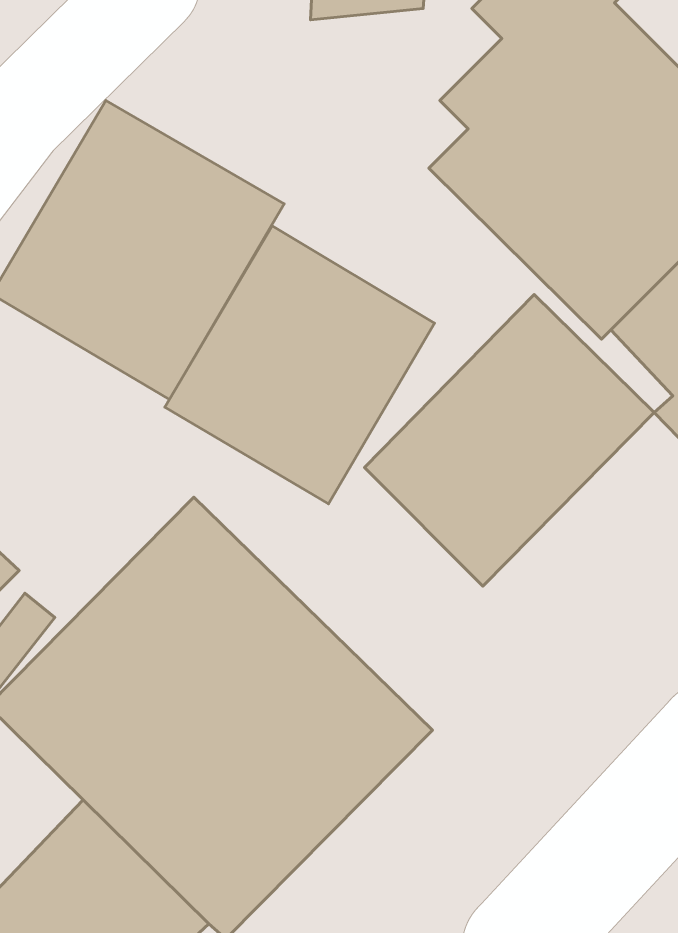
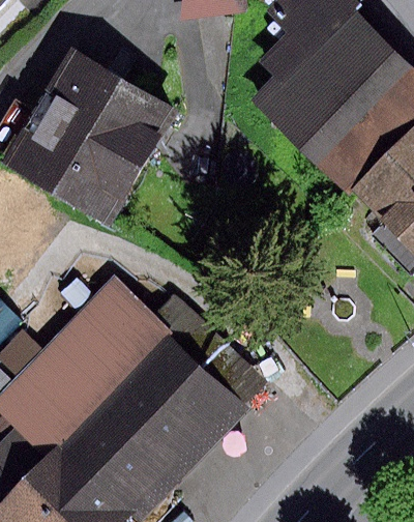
building: [165,226,434,504] -> none
building: [365,294,654,586] -> none

